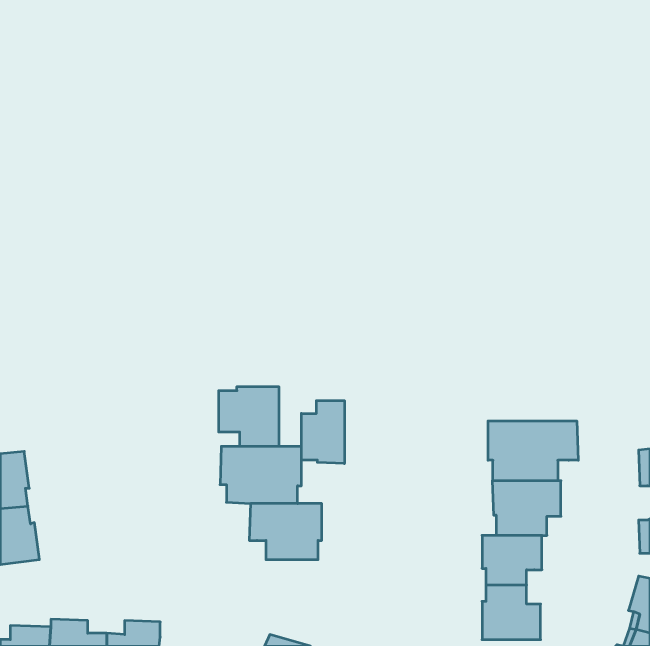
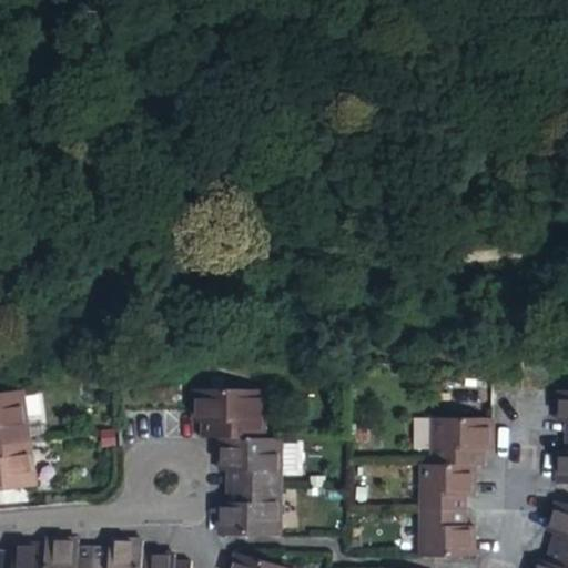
building: [219,387,279,446] -> none
building: [301,401,344,464] -> none
building: [488,421,578,481] -> none
building: none -> [217,488,280,537]

